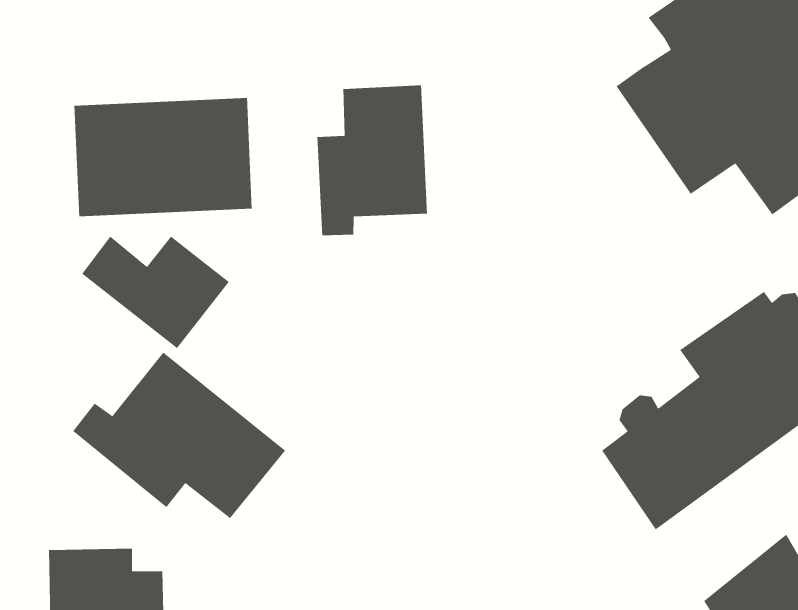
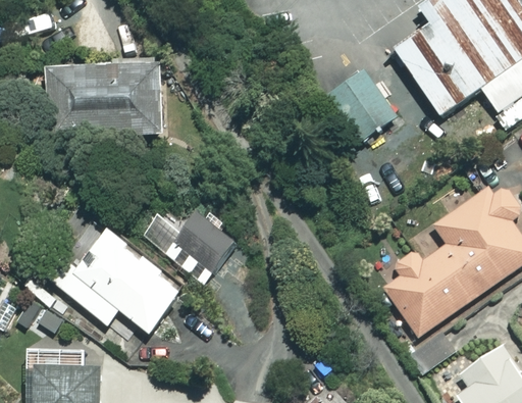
building: [316,85,428,236] -> none
building: none -> [322,77,398,151]
building: [81,236,230,349] -> [142,211,237,284]

